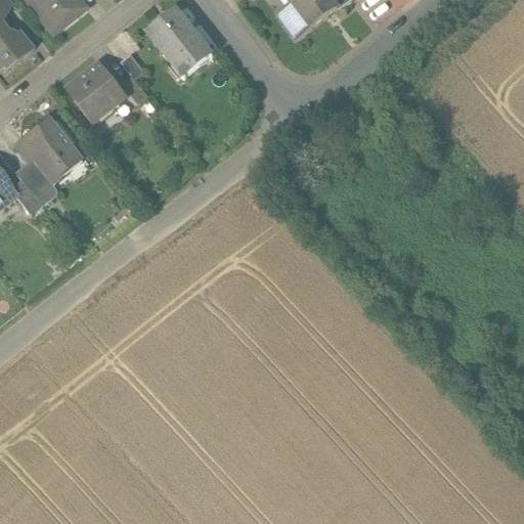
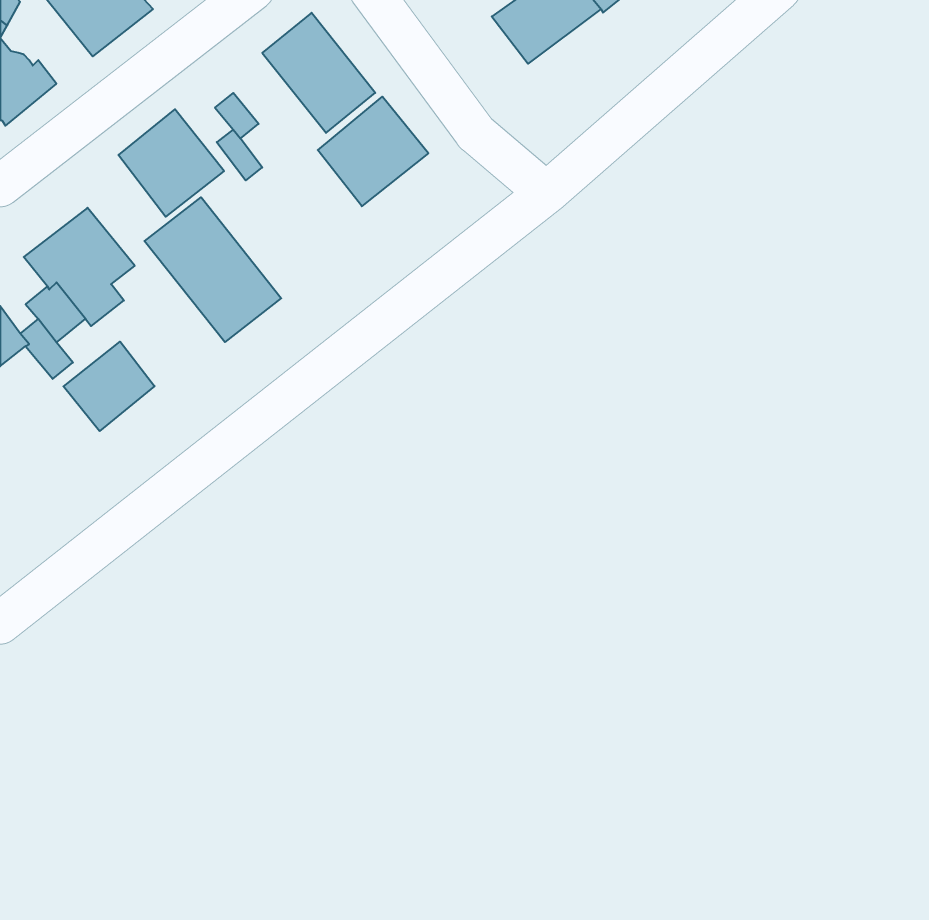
building: none -> [318,97,428,206]
building: none -> [144,197,281,342]
building: none -> [63,342,155,431]

